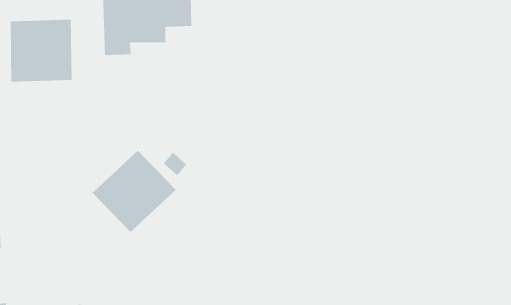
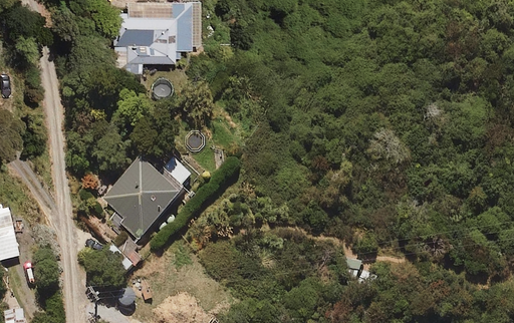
building: [10,19,72,83] -> none

